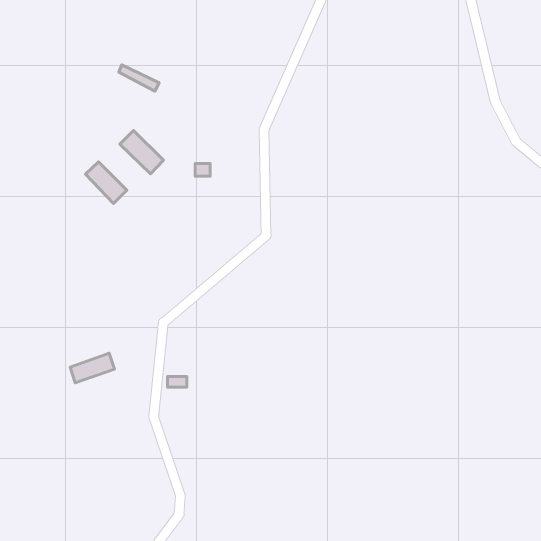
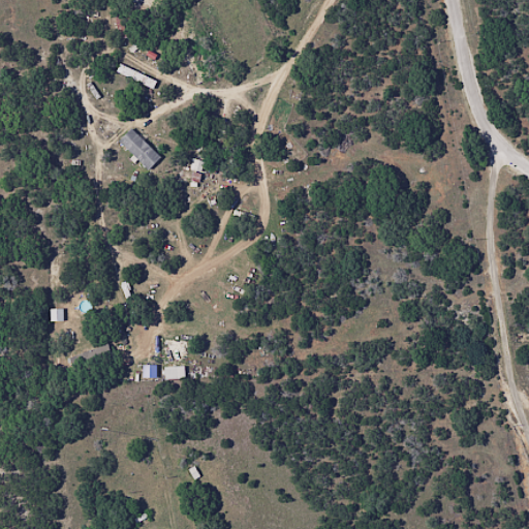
building: [85,162,127,203] -> none

